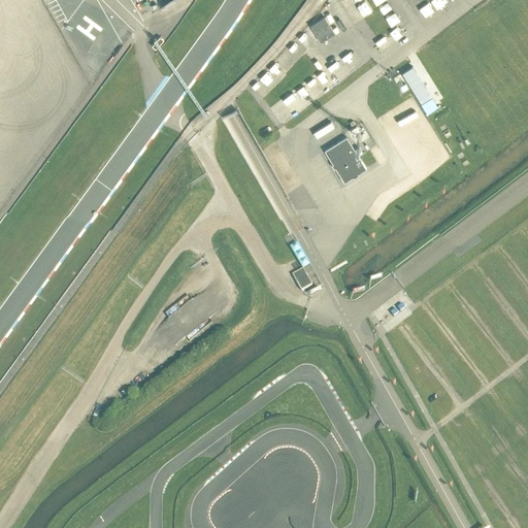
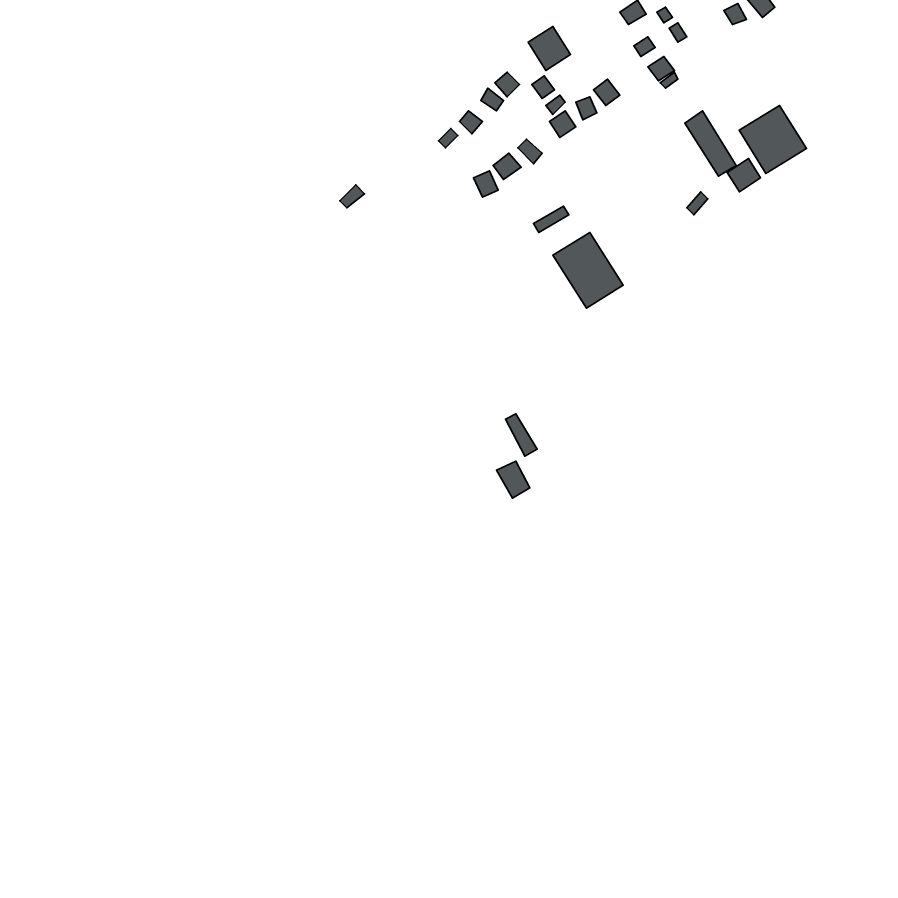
building: none -> [739,105,806,173]

